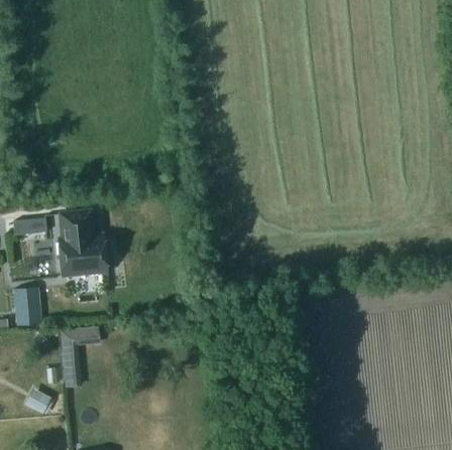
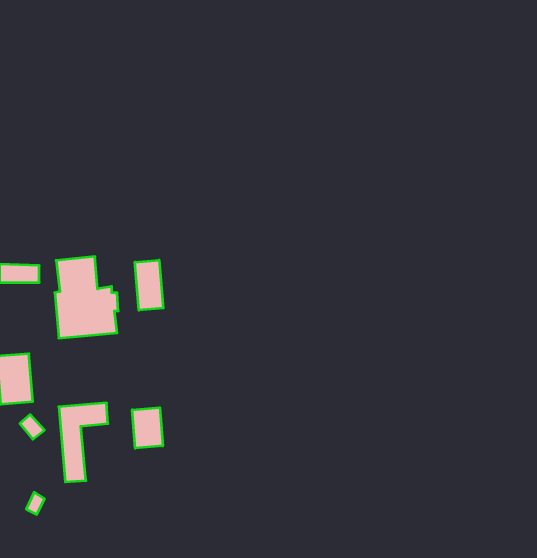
building: none -> [135,260,163,310]
building: none -> [132,408,163,448]

